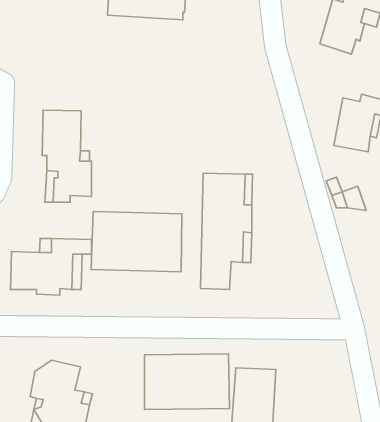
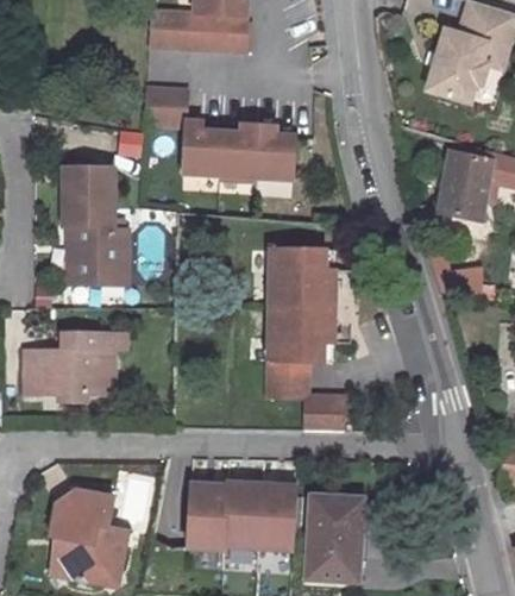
building: none -> [144,87,309,182]
building: [91,212,182,272] -> none
building: none -> [303,396,344,431]

